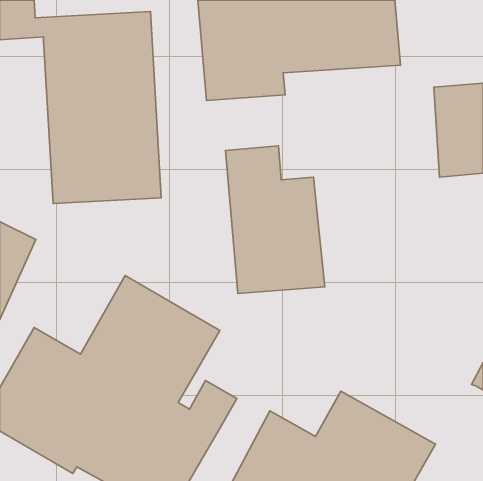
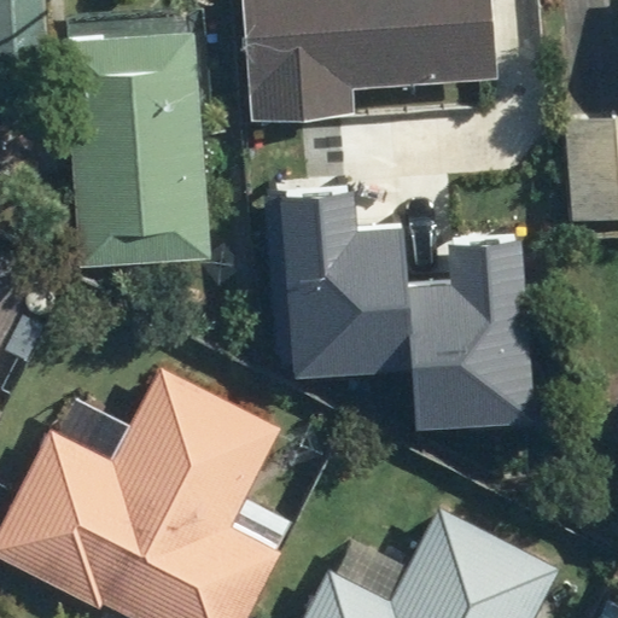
building: none -> [407,246,541,431]

